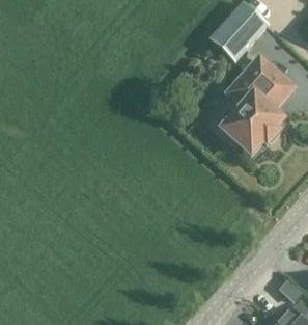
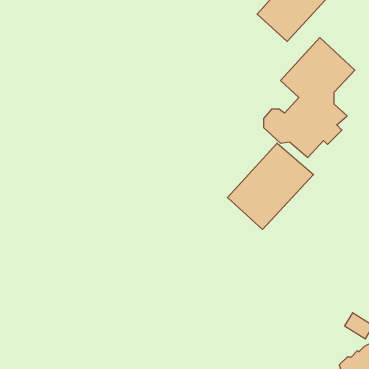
building: none -> [227,143,314,229]

